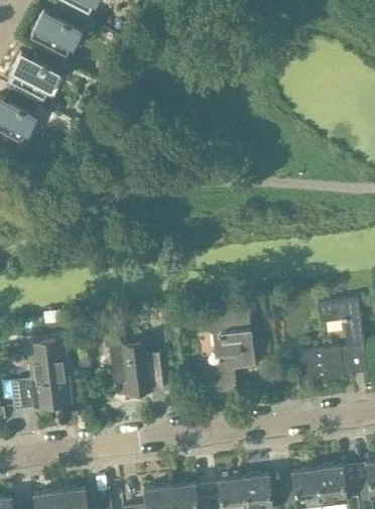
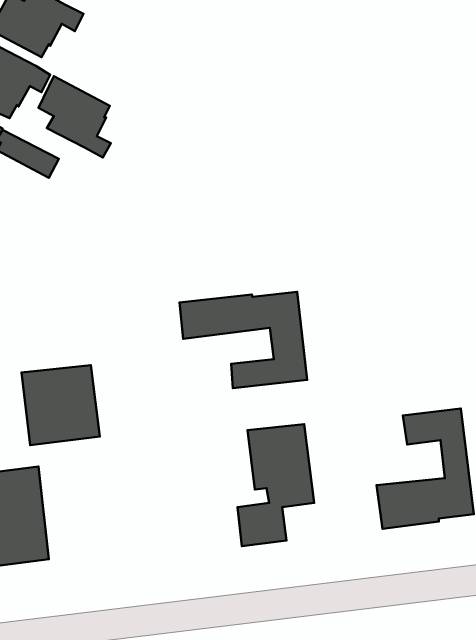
building: none -> [38,76,111,158]
building: none -> [180,292,307,388]
building: [109,342,163,397] -> [21,365,100,445]

